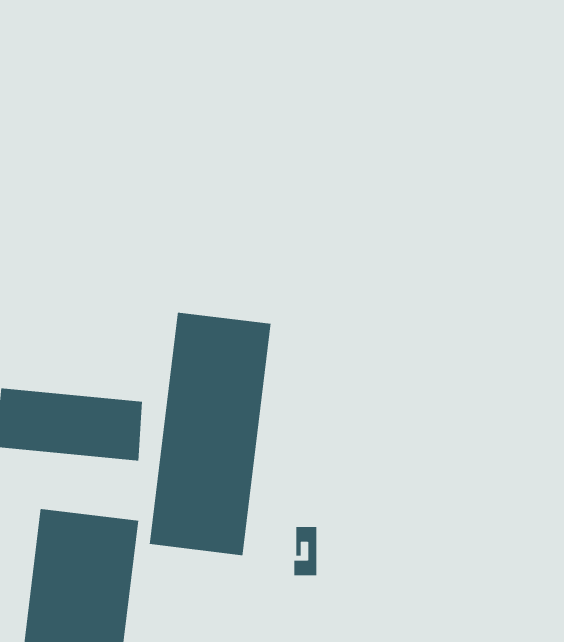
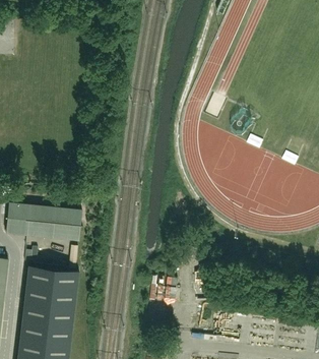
building: [149,312,271,556] -> none

